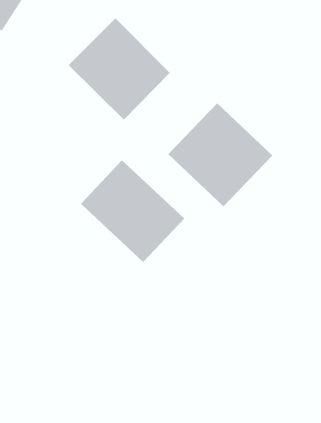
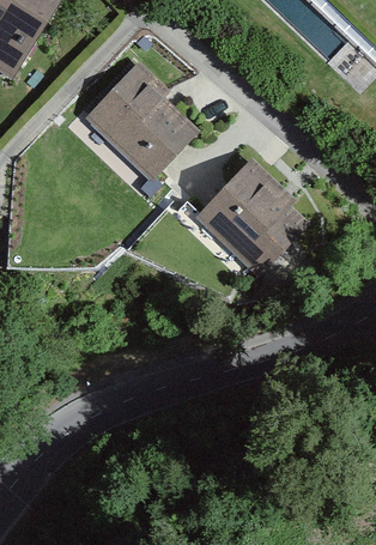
building: [80,160,185,263] -> none

